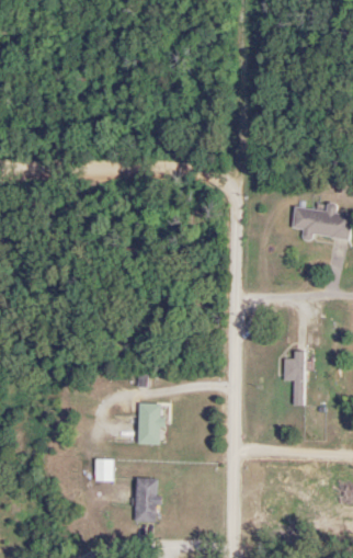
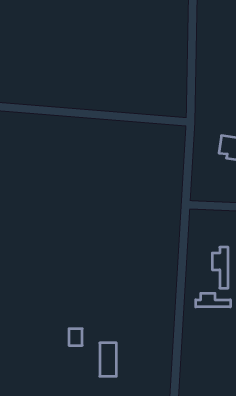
building: [138,403,161,444] -> none
building: none -> [196,293,230,307]

